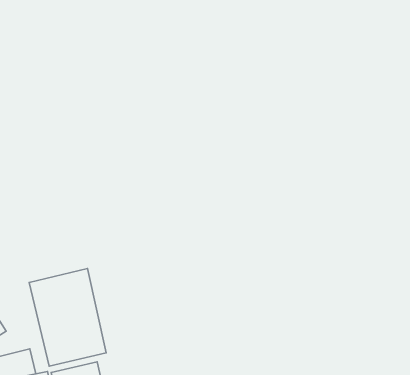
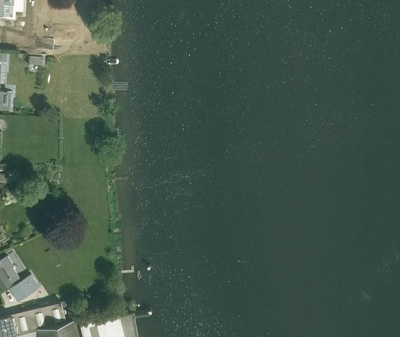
building: [29,269,106,366] -> none

